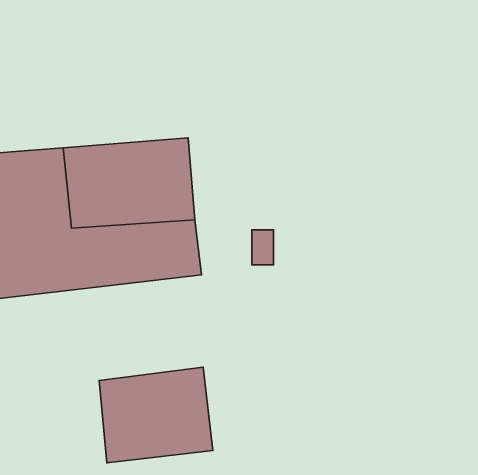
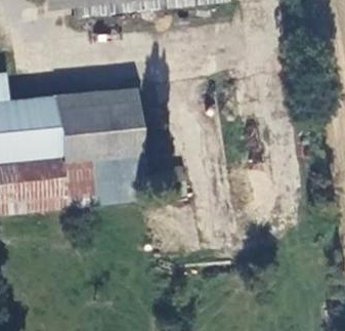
building: [99,367,213,463] -> none

